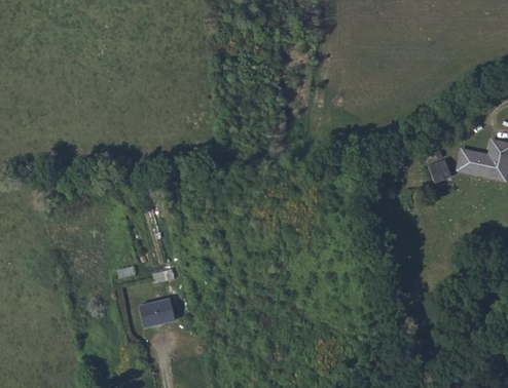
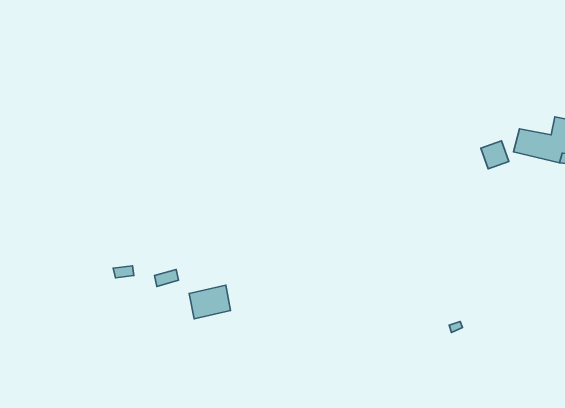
building: [139,299,174,327] -> [189,285,231,319]

